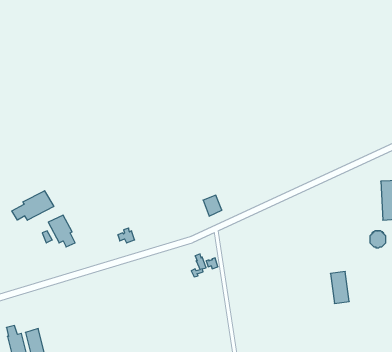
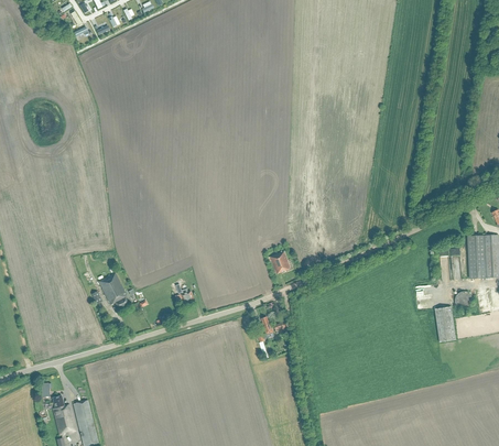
building: [12,191,54,220] -> none
building: [330,272,349,303] -> [435,306,456,341]

